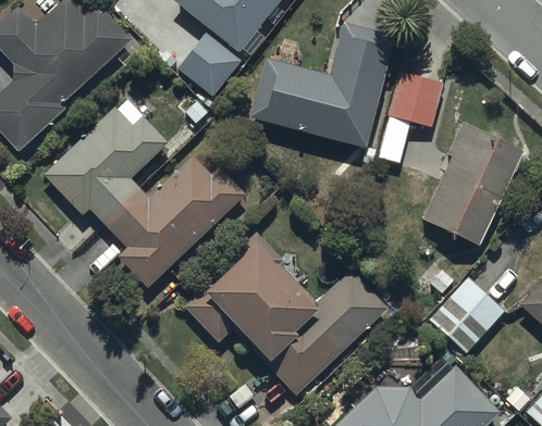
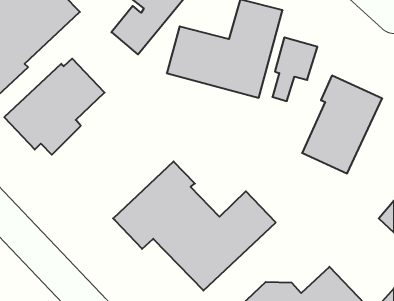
building: [102,154,244,286] -> none
building: [428,276,505,353] -> none

